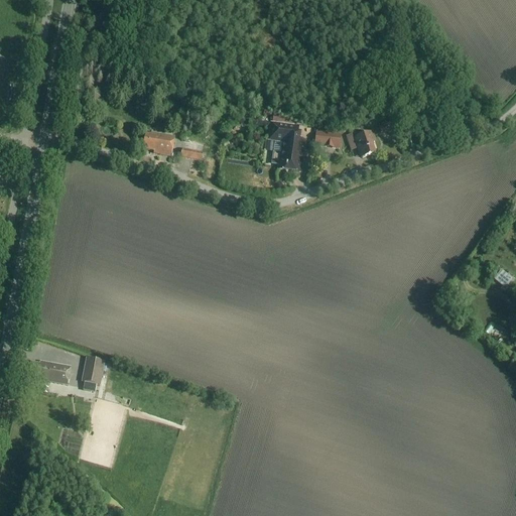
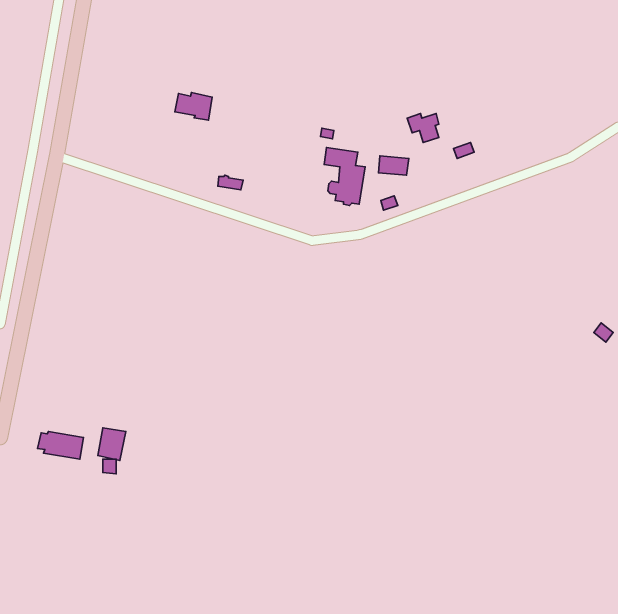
building: [143,131,174,154] -> [175,92,212,120]
building: [348,131,374,155] -> [407,113,439,142]

